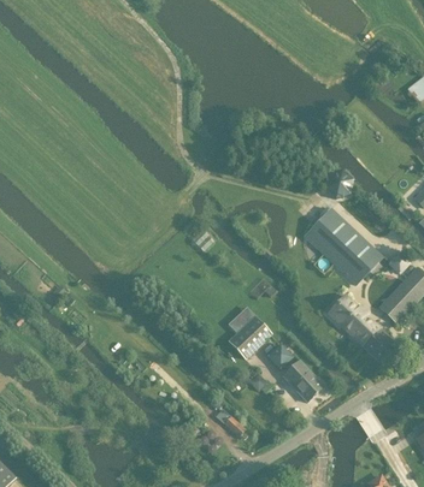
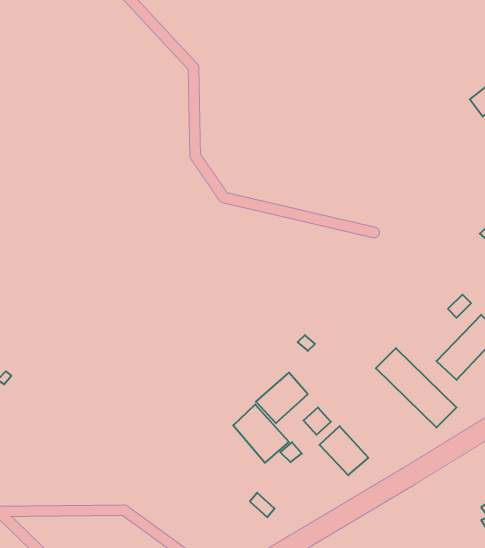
building: [304,207,381,283] -> none
building: none -> [233,404,289,463]

